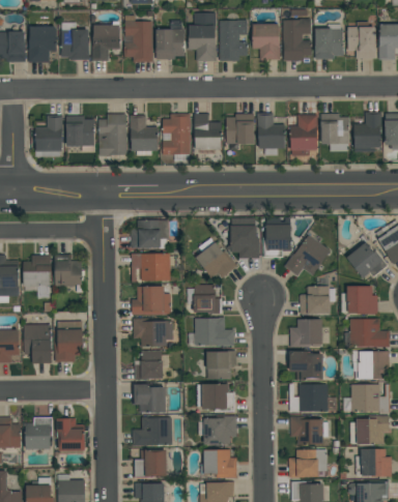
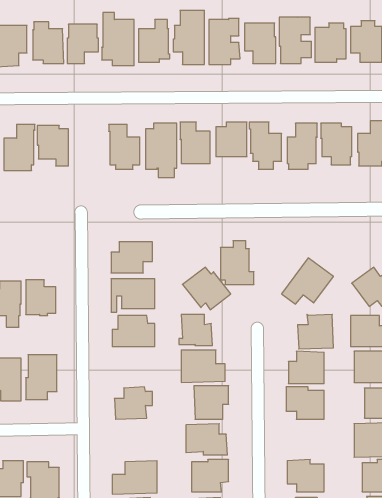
building: [98,114,127,155] -> none
building: [264,225,292,259] -> none
building: [134,319,173,347] -> none
building: [133,384,166,413] -> none
building: [290,384,330,413] -> none

